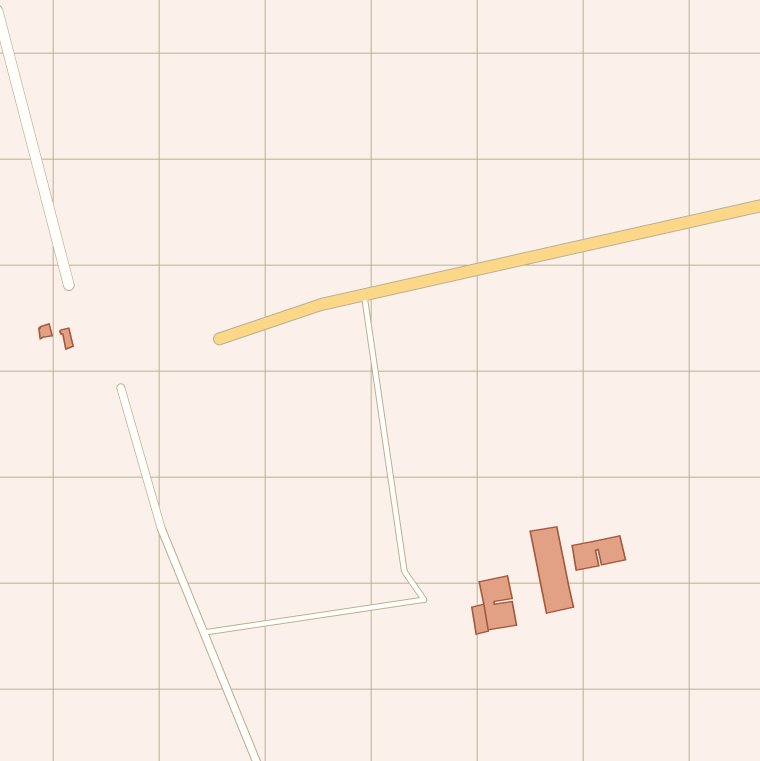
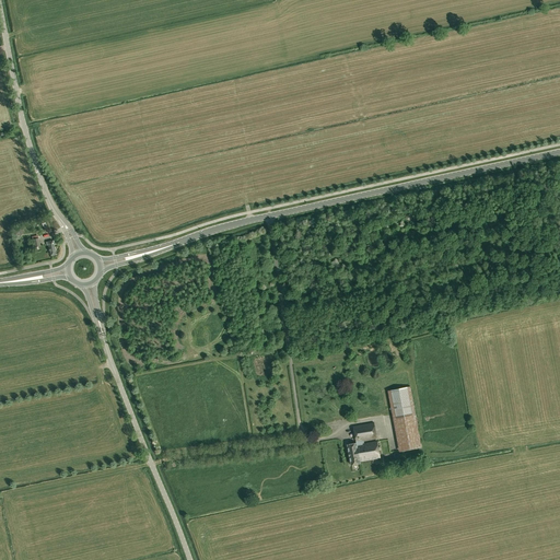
building: [572,536,625,570] -> none

